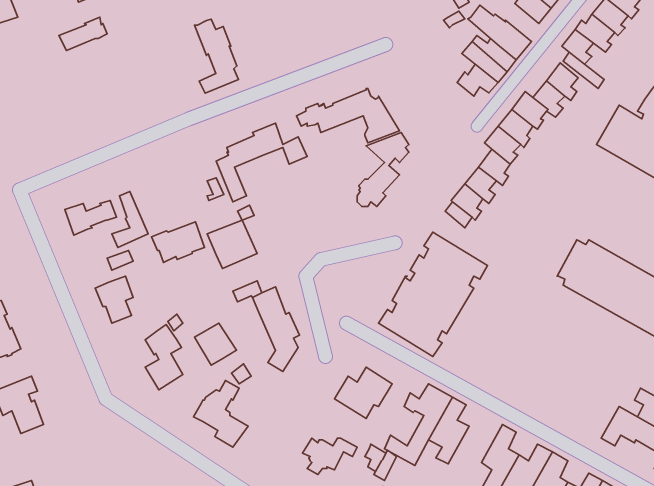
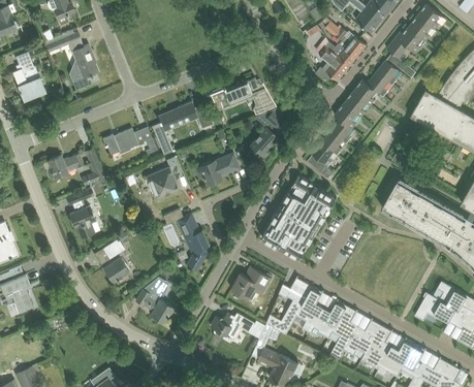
building: [194,19,238,93] -> [68,39,98,90]
building: none -> [12,52,43,101]
building: none -> [193,154,238,185]
building: [151,222,204,263] -> [101,128,137,156]
building: [194,323,236,365] -> none
building: none -> [309,301,346,340]

